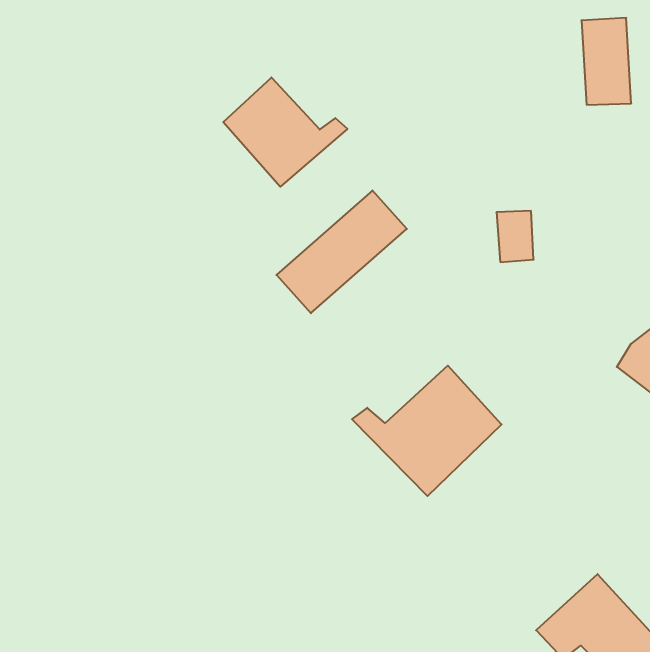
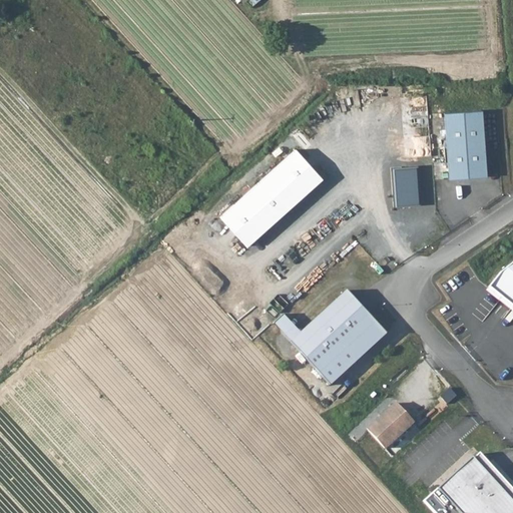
building: [581,18,631,105] -> [447,109,486,177]
building: [223,77,347,187] -> none
building: none -> [371,403,417,449]

